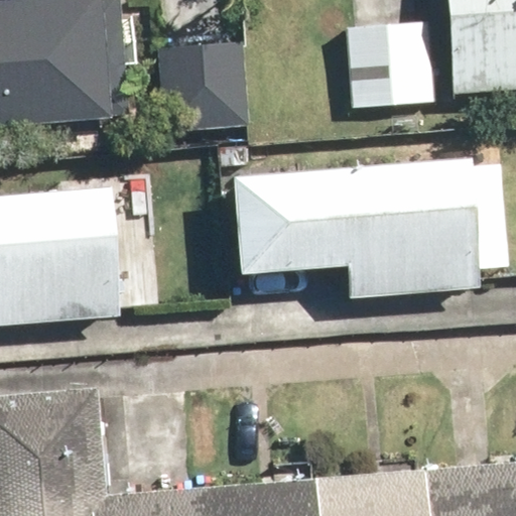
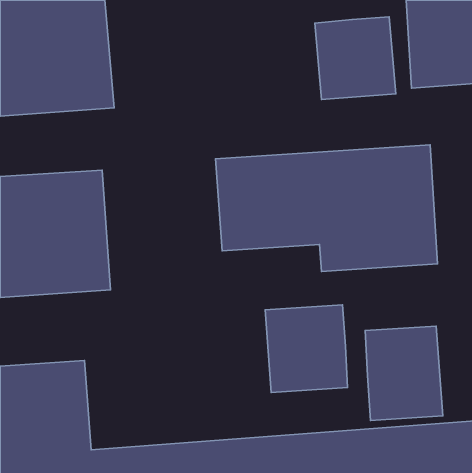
building: [153,42,246,134] -> none
building: none -> [265,305,348,392]
building: none -> [365,326,443,420]

